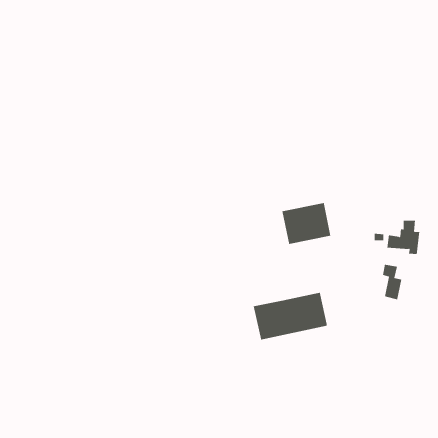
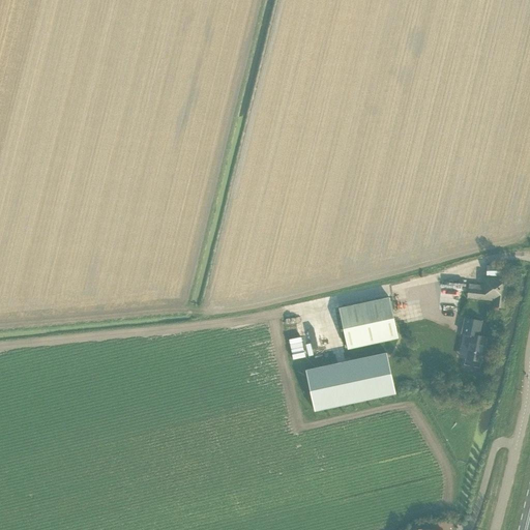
building: [282,203,331,245] -> [336,296,396,347]

